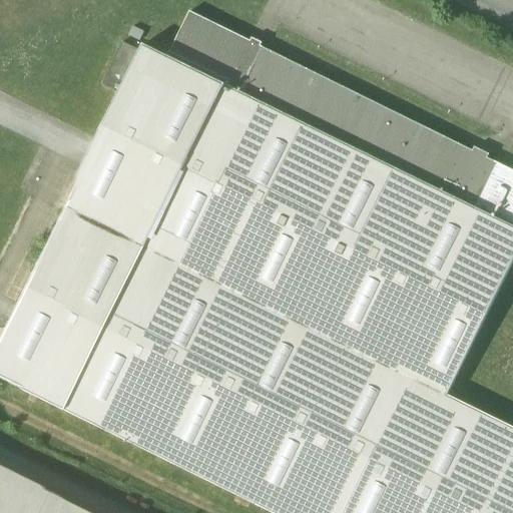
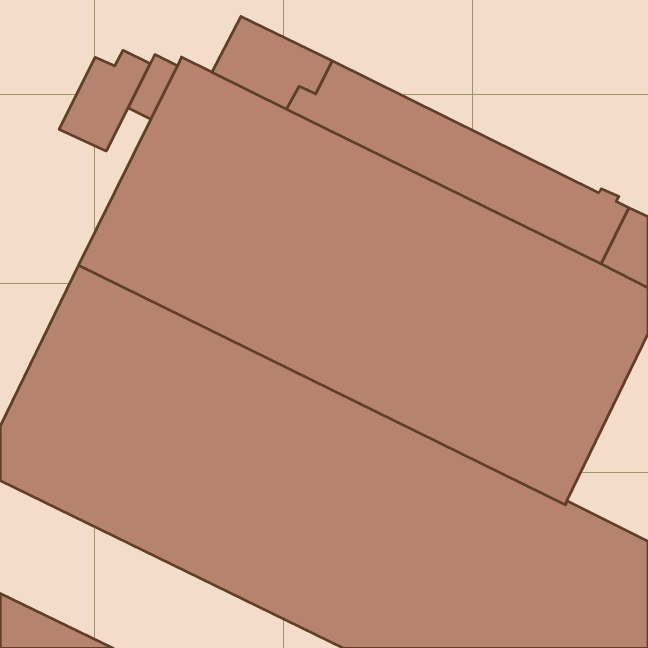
building: none -> [59,50,150,151]

